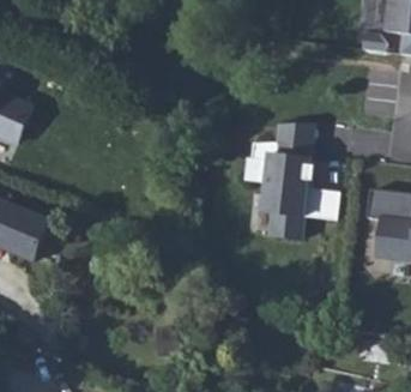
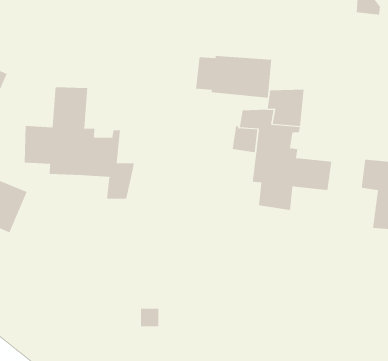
building: none -> [196,55,272,98]
building: none -> [24,86,134,199]

